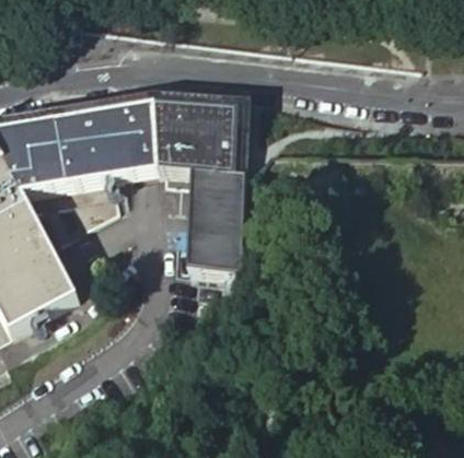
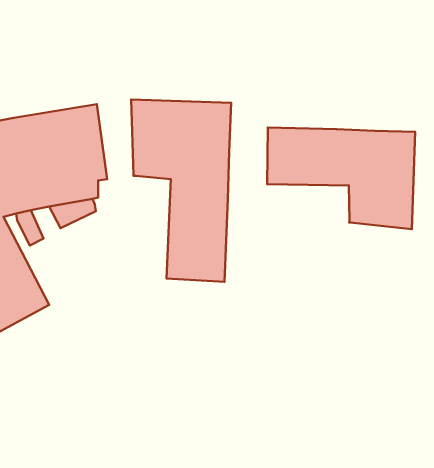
building: [120,97,155,174] -> none
building: none -> [267,127,415,229]

